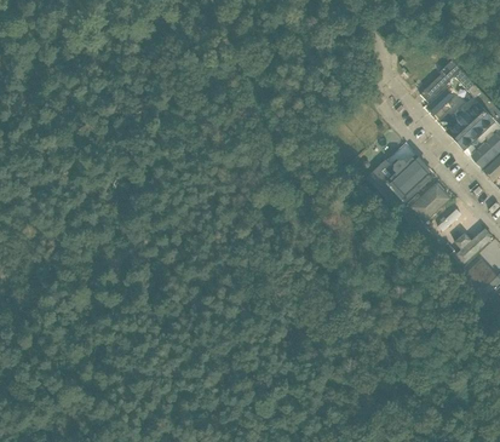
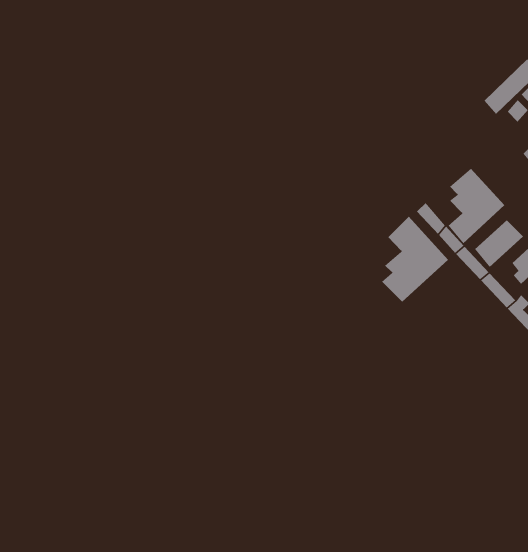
building: none -> [381,216,449,303]

